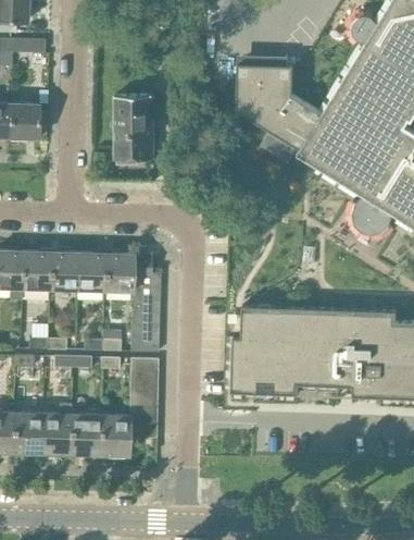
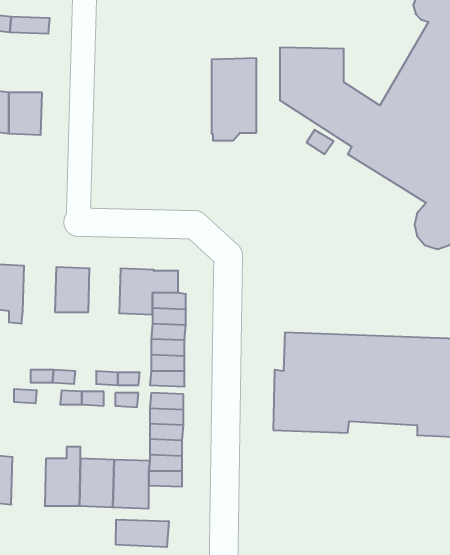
building: [114,95,152,164] -> [212,58,256,140]
building: [21,249,49,289] -> none
building: [76,251,103,290] -> none
building: [11,412,40,453] -> none
building: none -> [116,520,169,547]

